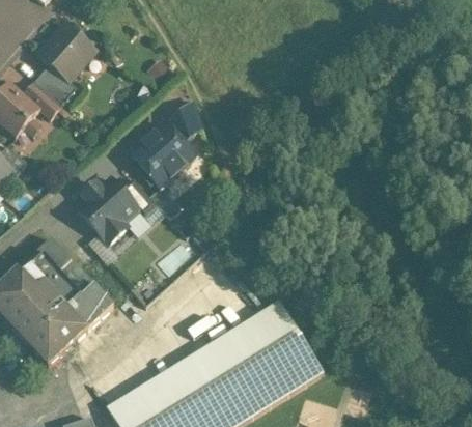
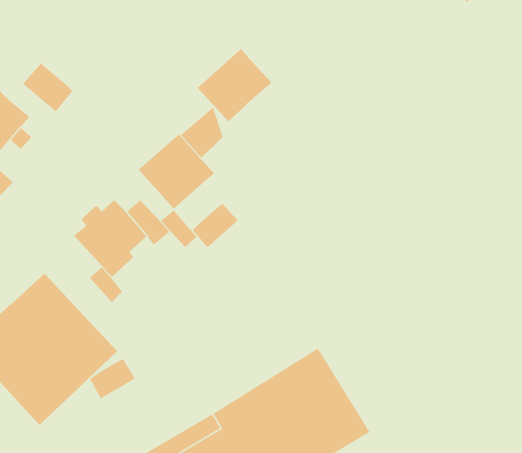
building: [37,23,92,80] -> none
building: none -> [197,48,272,122]
building: [22,81,61,118] -> none
building: none -> [192,203,238,248]
building: none -> [89,358,136,399]

